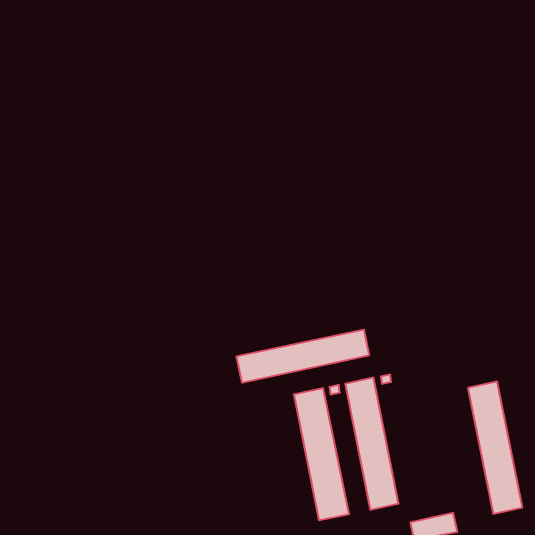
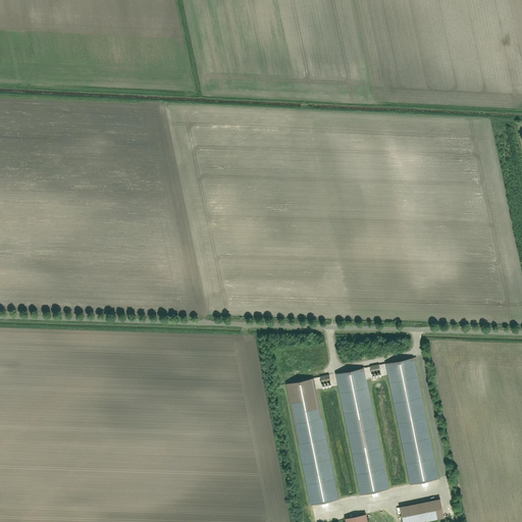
building: [237,330,369,383] -> none
building: [468,382,522,514] -> [385,358,438,486]

